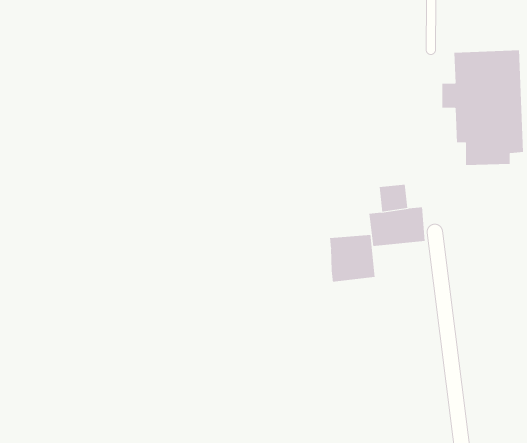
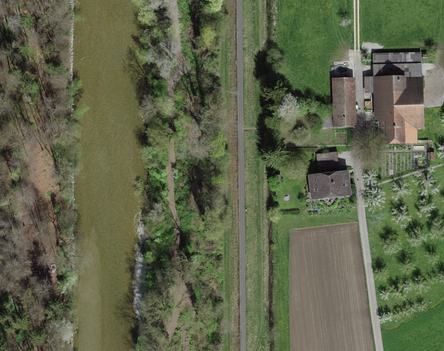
building: none -> [317,80,350,124]
building: [329,234,375,282] -> none

